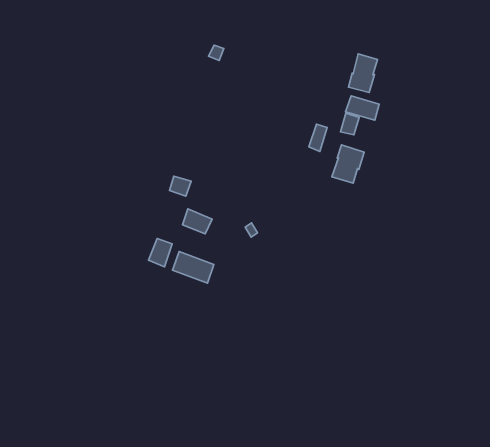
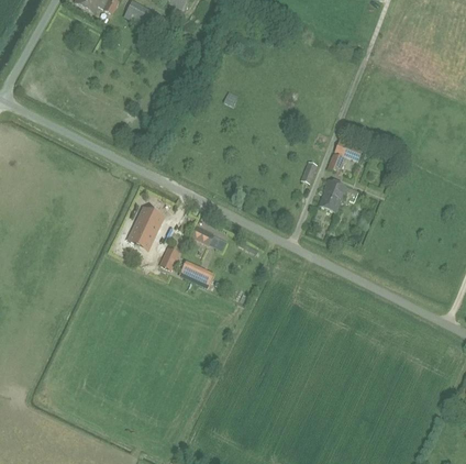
building: [348,54,377,93] -> none
building: none -> [129,206,165,244]

